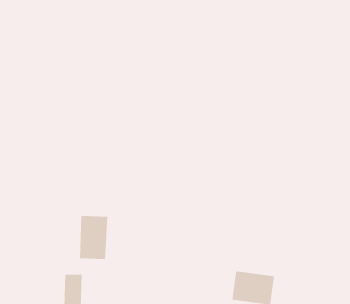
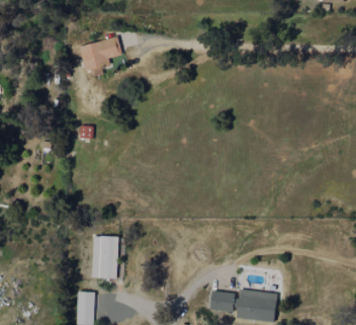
building: none -> [78,36,122,71]
building: none -> [209,291,234,312]

